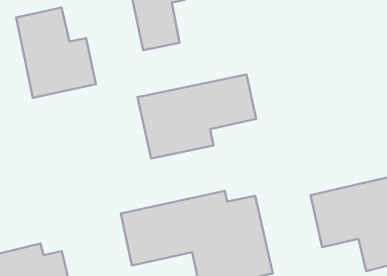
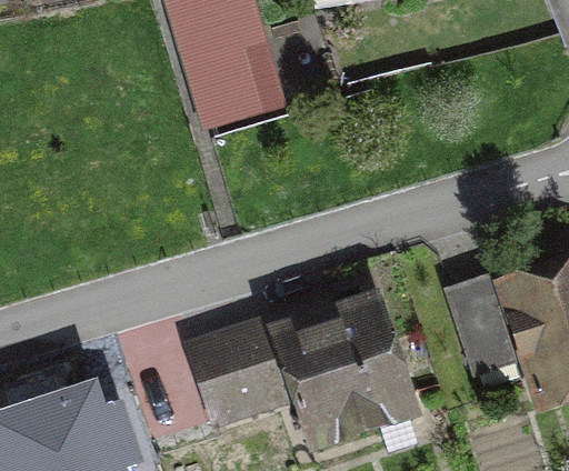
building: [16,8,96,98] -> none
building: [138,74,256,159] -> none

